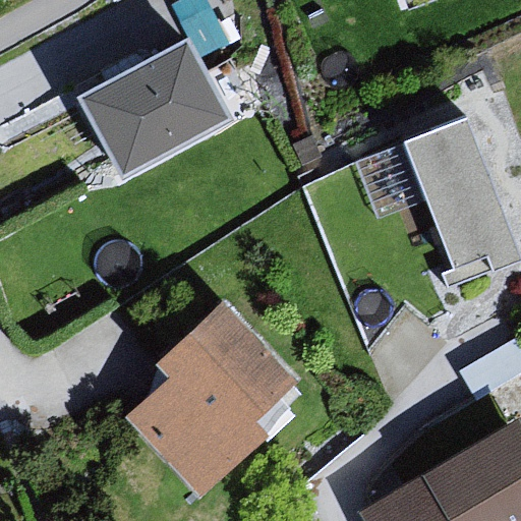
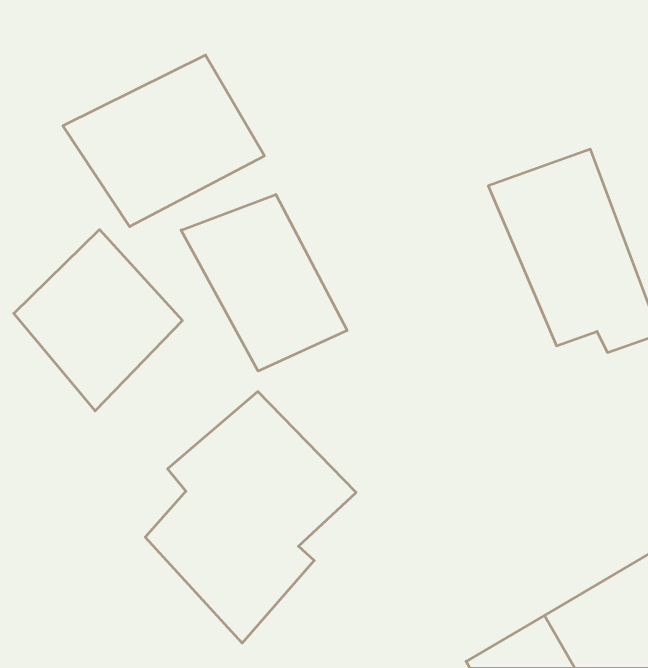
building: none -> [181,194,347,371]
building: none -> [14,230,182,411]

